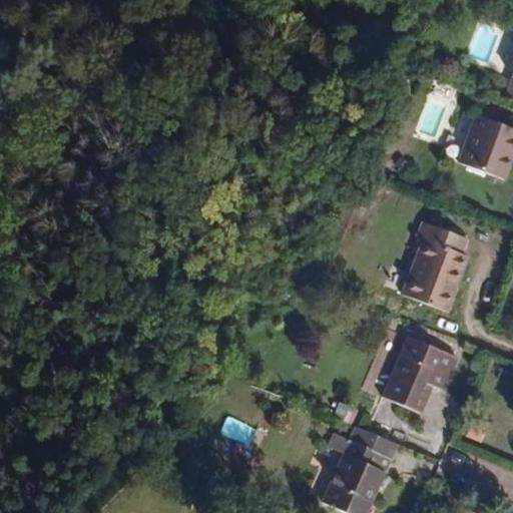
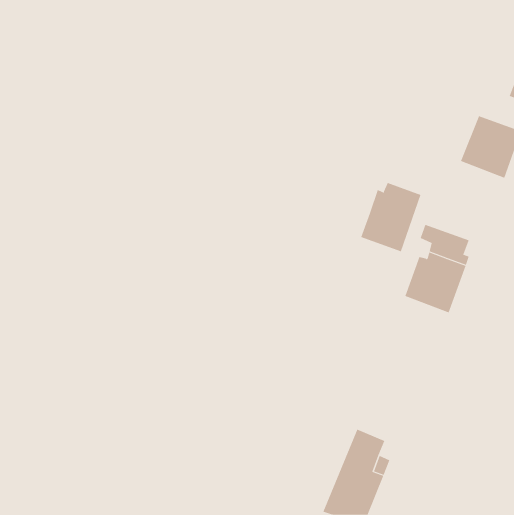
building: none -> [361,182,421,252]
building: [385,337,456,409] -> none

